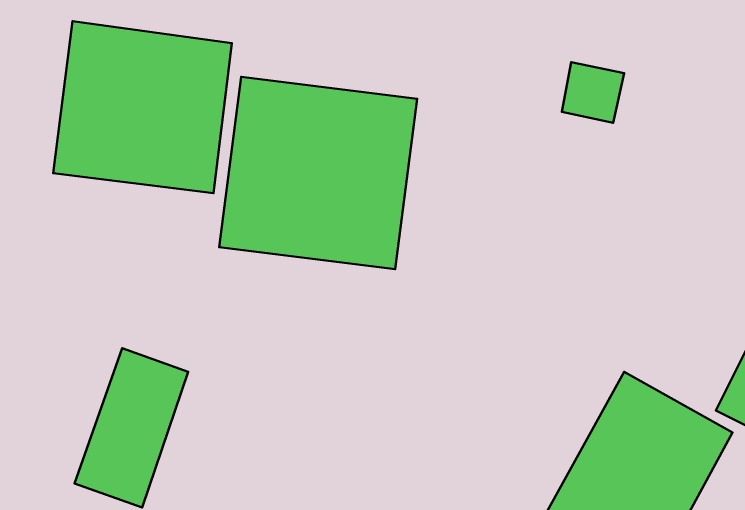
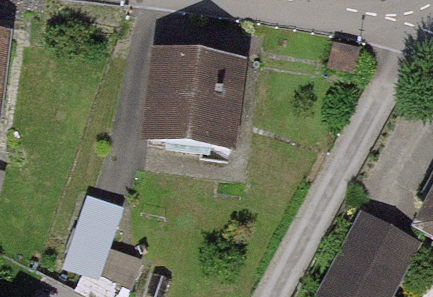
building: [53,21,232,193] -> none

